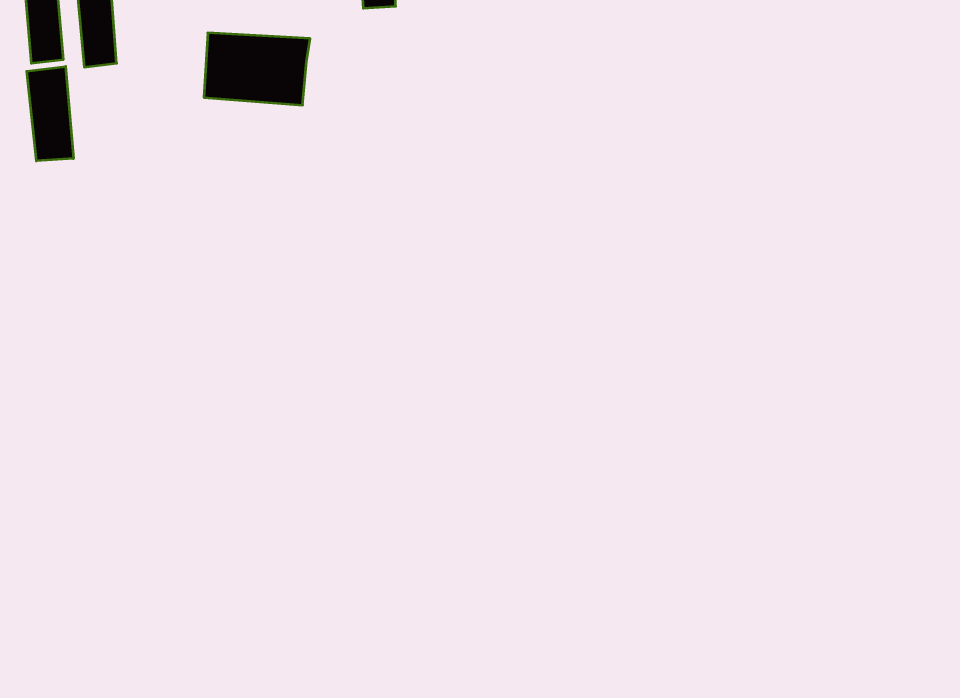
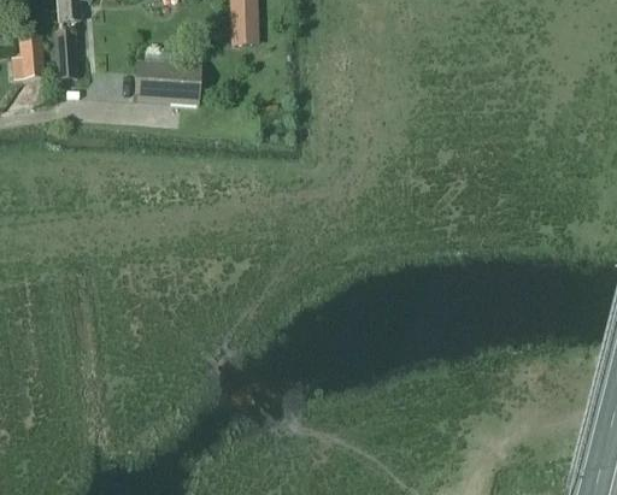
building: [27,66,73,161] -> none

